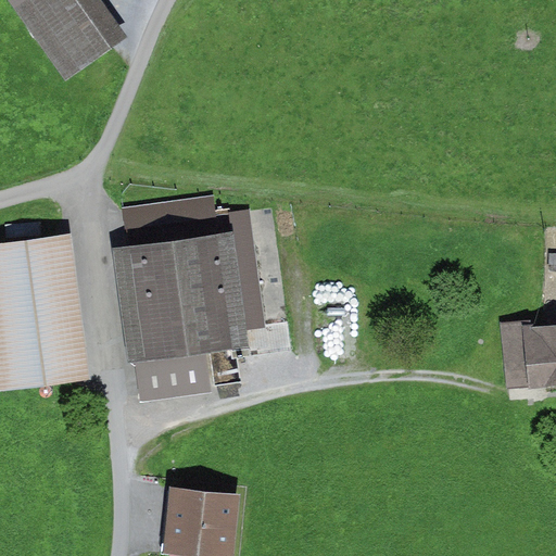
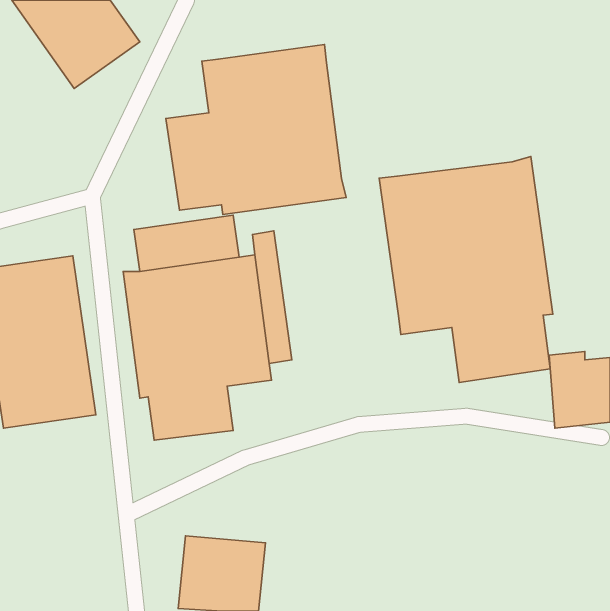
building: none -> [166,45,346,215]
building: none -> [379,156,553,383]

